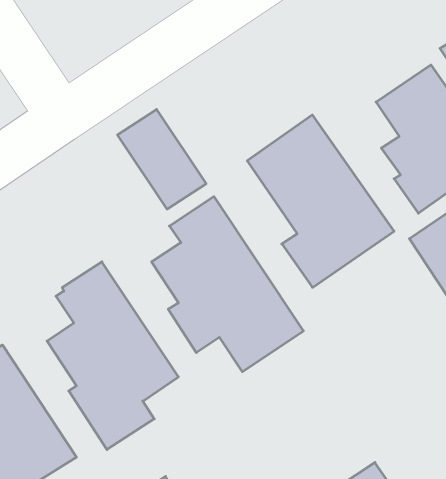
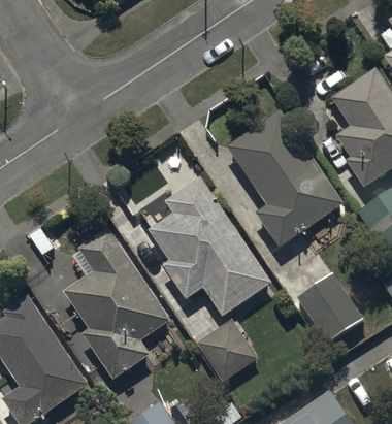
building: [118,109,206,209] -> none
building: none -> [295,271,364,343]
building: none -> [195,317,257,381]

